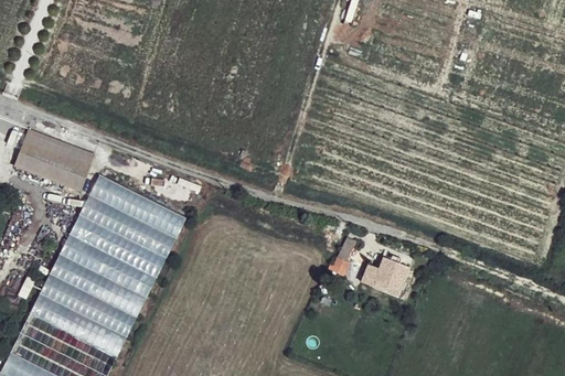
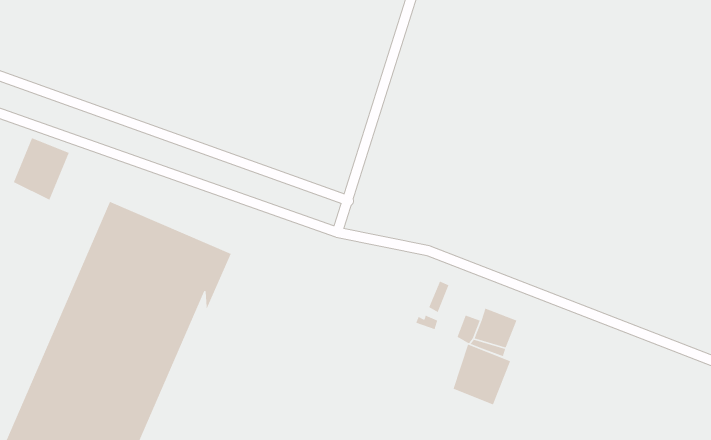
building: [44,138,94,187] -> none
building: none -> [453,344,511,406]

